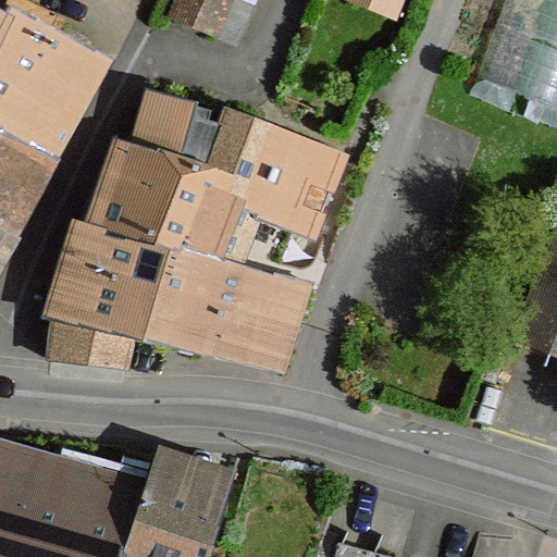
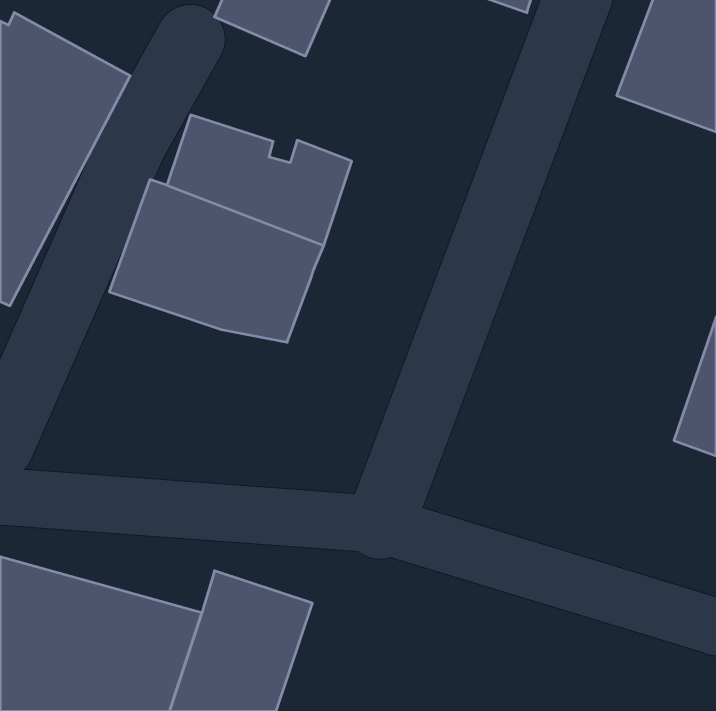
building: [242,125,347,244] -> none
building: [41,223,305,369] -> none

